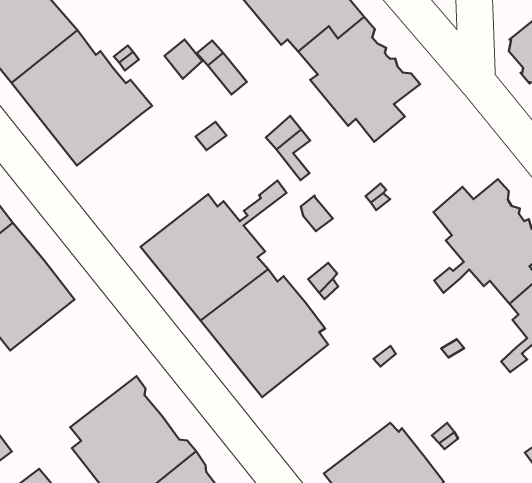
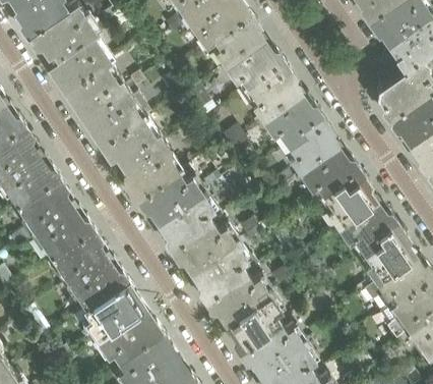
building: none -> [287,113,362,194]
building: none -> [101,117,181,201]
building: none -> [50,230,127,310]
building: none -> [204,271,283,351]

